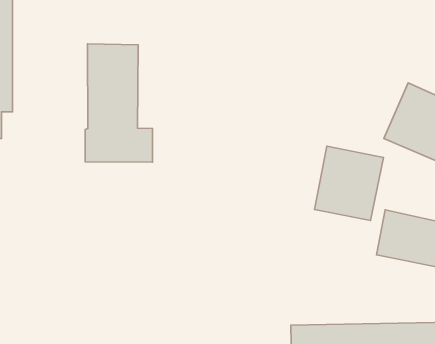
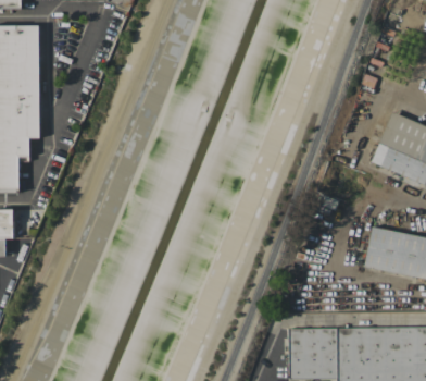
building: [85,44,153,162] -> none
building: [315,146,384,220] -> none

